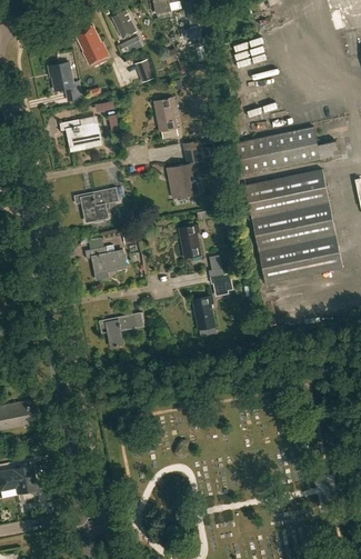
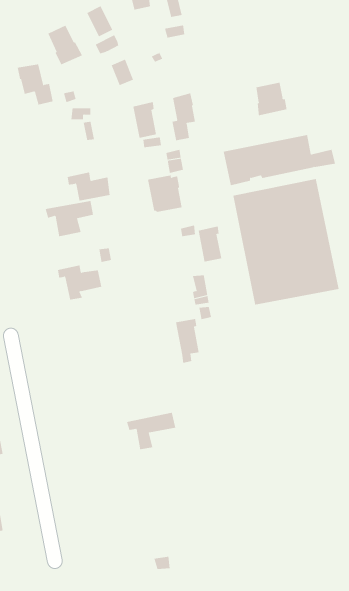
building: none -> [256,82,287,116]
building: none -> [172,92,195,141]
building: [59,119,99,146] -> [67,172,111,201]
building: [178,224,200,258] -> [198,226,222,262]
building: [98,312,143,347] -> [126,412,176,450]

